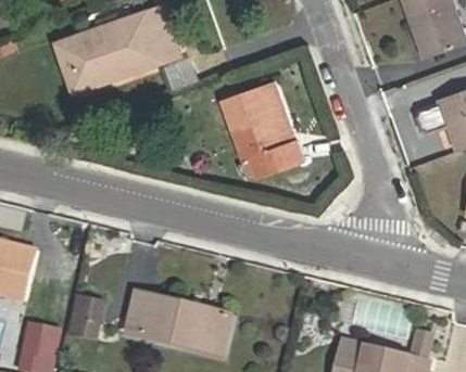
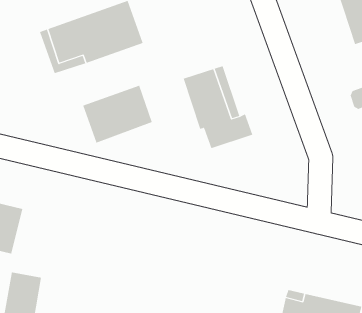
building: none -> [82,85,153,144]
building: [127,292,231,357] -> none
building: [64,293,103,341] -> none

